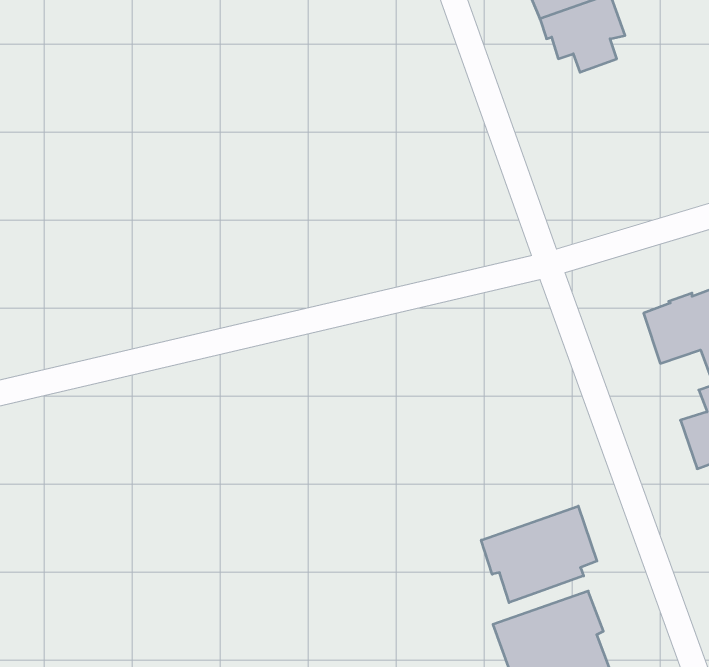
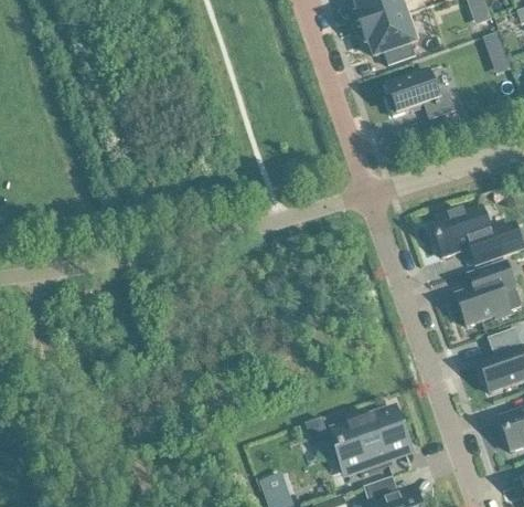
building: none -> [386,68,455,118]
building: [481,506,597,603] -> none

